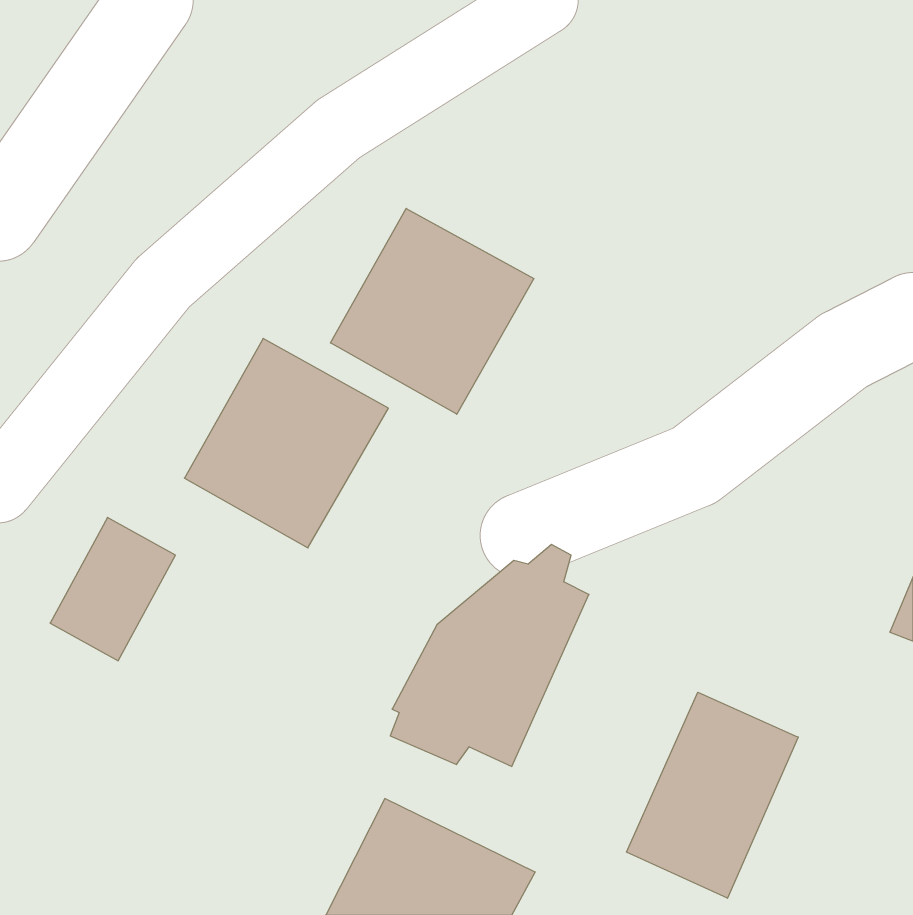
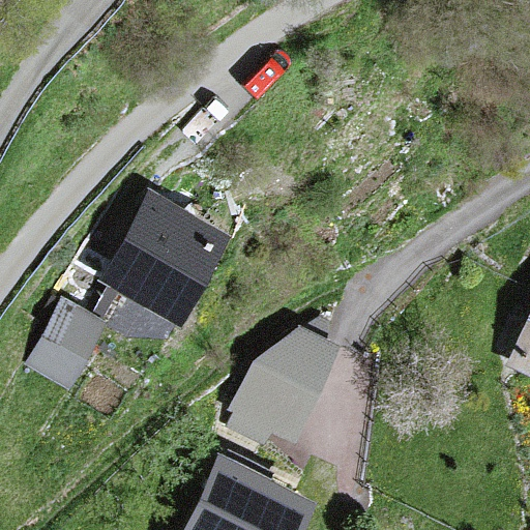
building: [330,208,534,414] -> none
building: [626,692,798,898] -> none

